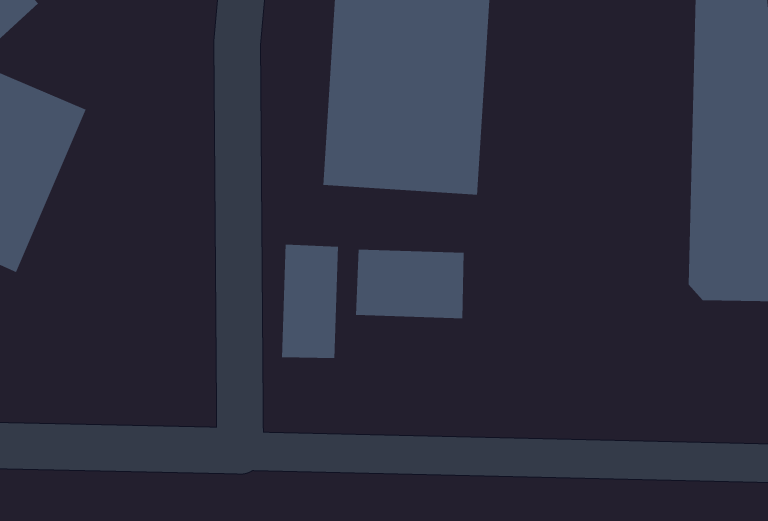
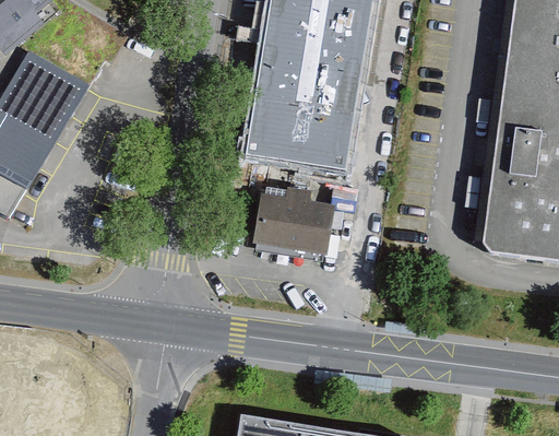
building: [282,244,338,359] -> none

